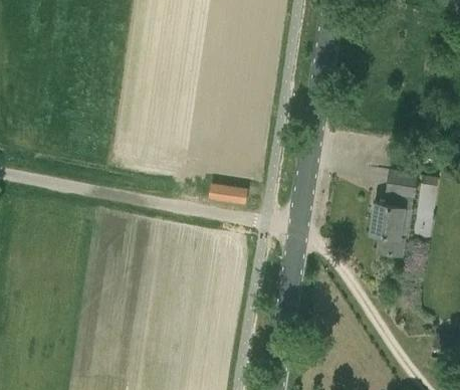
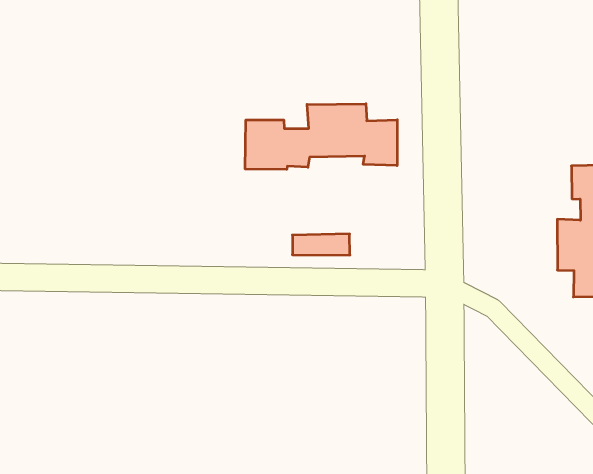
building: none -> [245,104,397,169]

